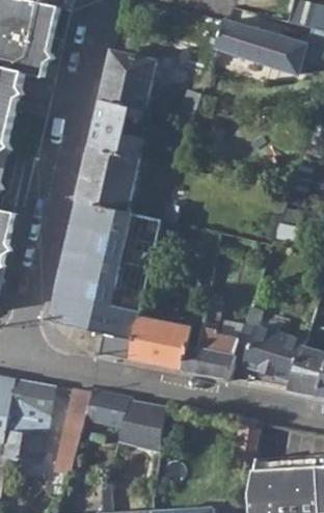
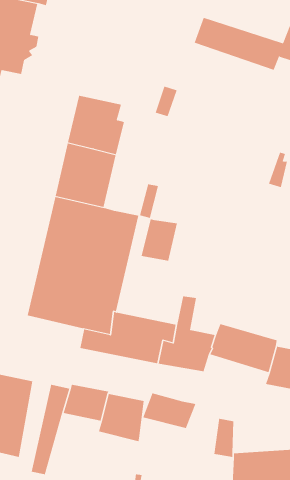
building: [99,50,154,108] -> none
building: none -> [141,219,178,261]
building: none -> [142,392,196,429]

